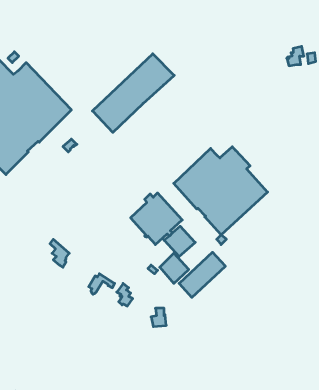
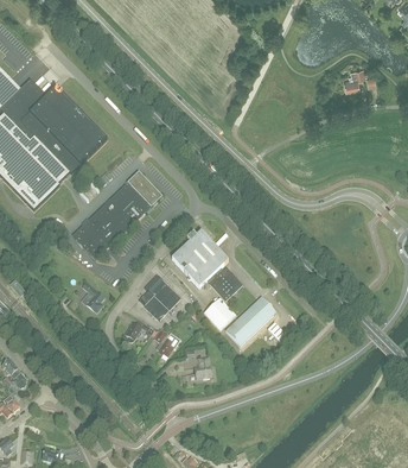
building: [92,54,174,132] -> [71,171,161,258]
building: [174,147,268,235] -> none
building: none -> [138,273,180,318]

